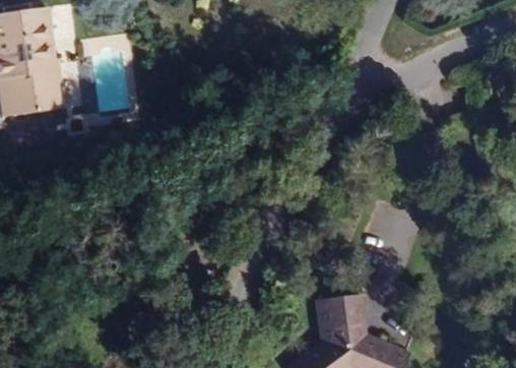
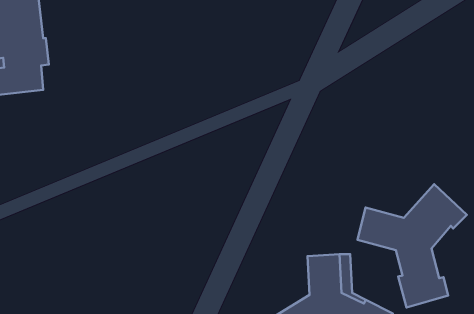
building: none -> [357,184,467,307]

